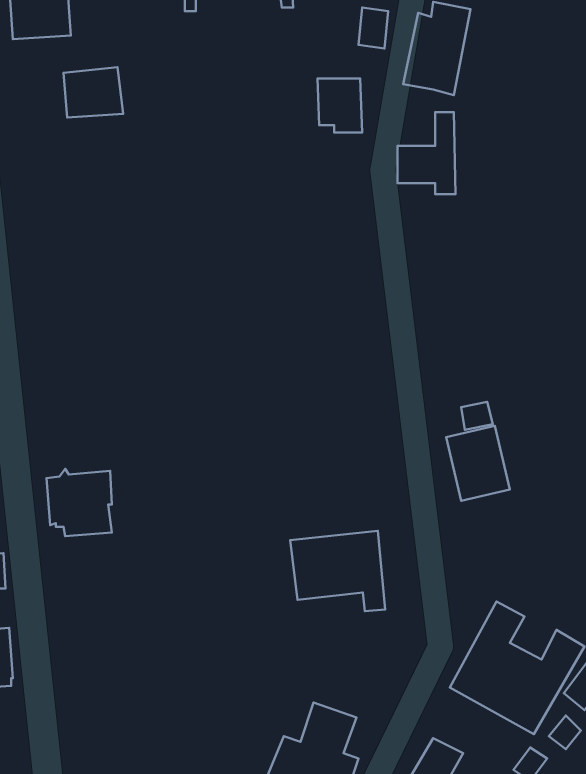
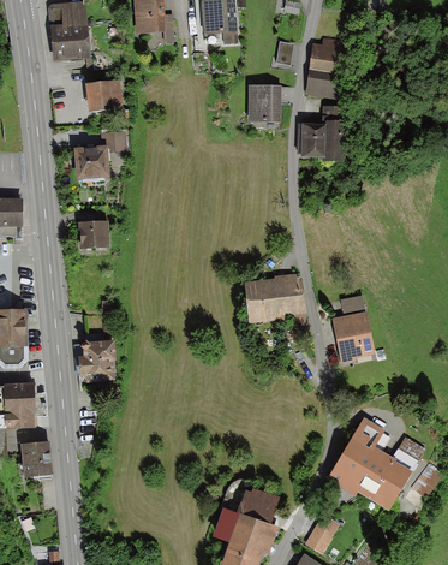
building: none -> [73,131,127,178]
building: none -> [79,220,109,246]
building: [290,531,385,611] -> [243,276,304,328]

